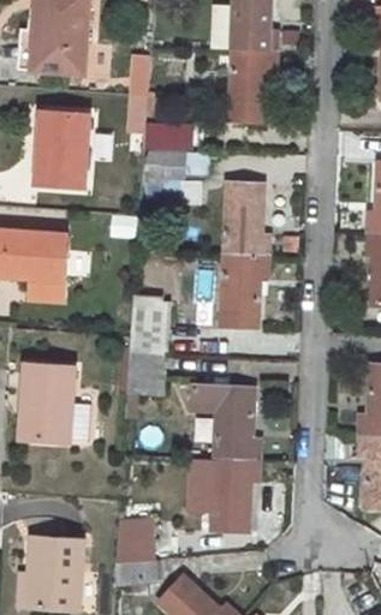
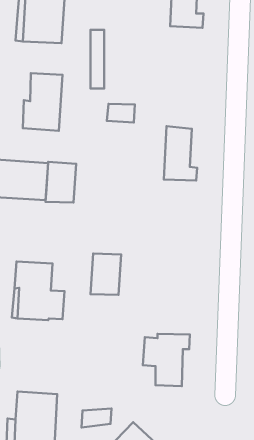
building: [230,49,275,123] -> none
building: [143,124,194,149] -> none
building: [221,253,267,327] -> none
building: [130,299,171,353] -> [45,162,76,203]
building: [192,370,258,460] -> none
building: [115,519,154,561] -> none

